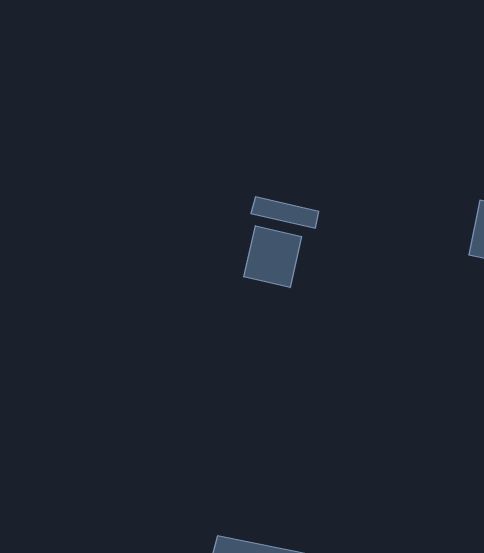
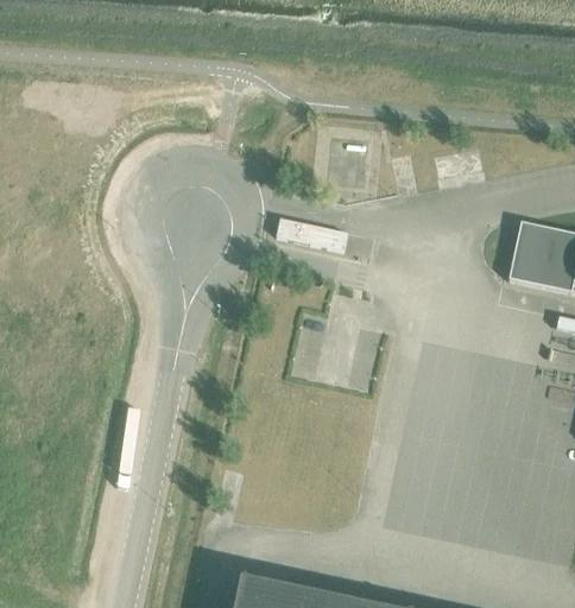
building: [244,226,302,288] -> none

